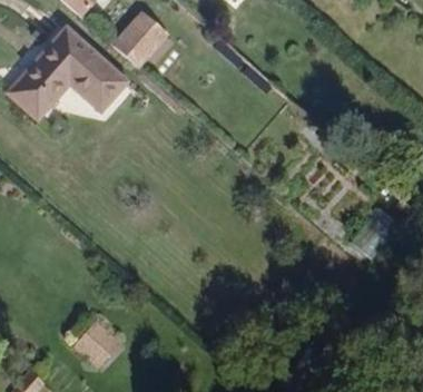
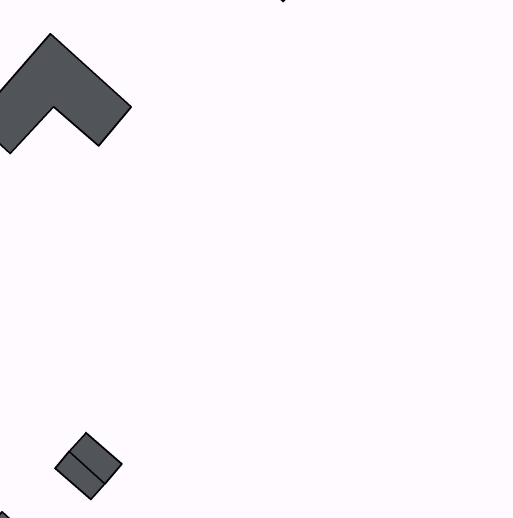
building: [112,11,167,66] -> none

